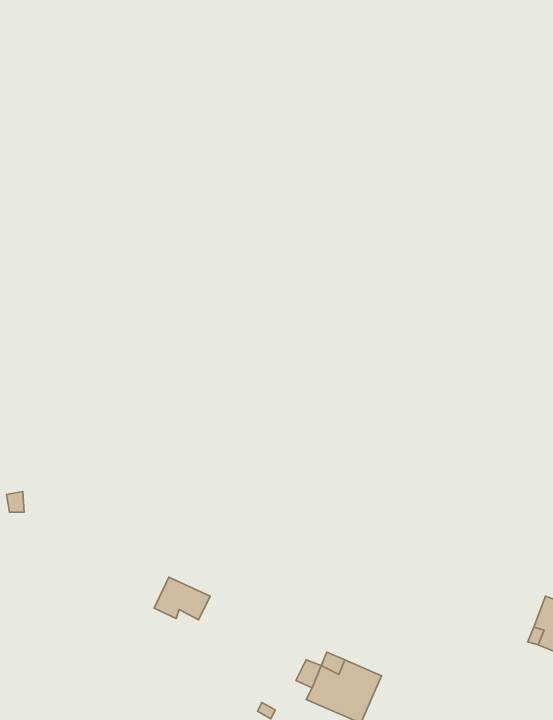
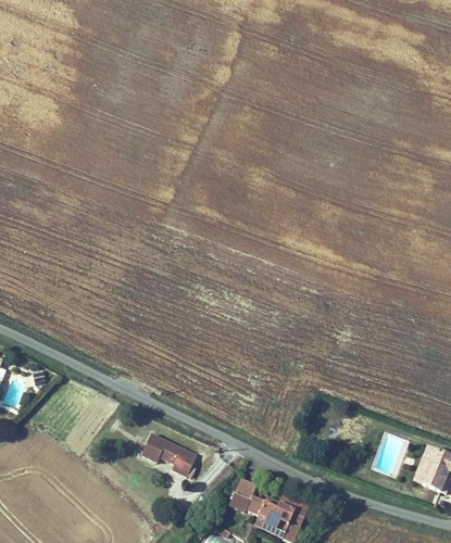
building: none -> [172,447,198,478]
building: none -> [228,478,256,513]

